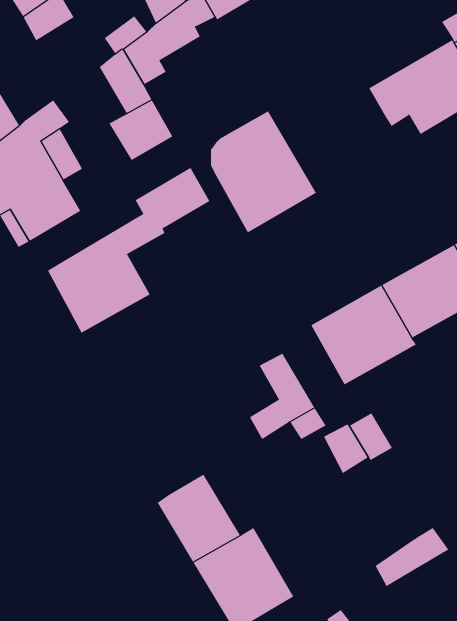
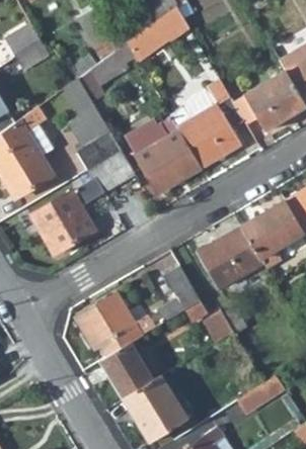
building: none -> [170,92,244,167]
building: none -> [75,131,122,171]
building: none -> [75,293,157,356]

